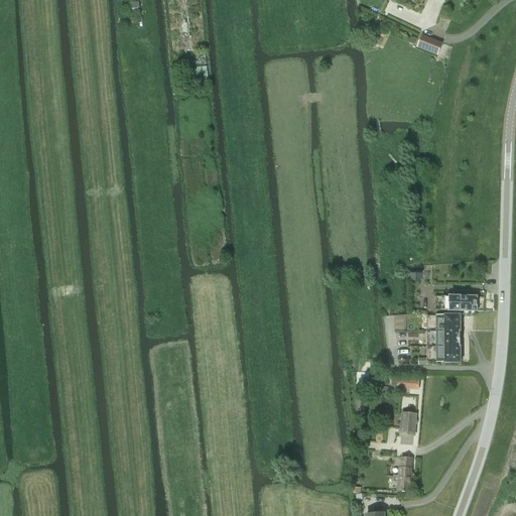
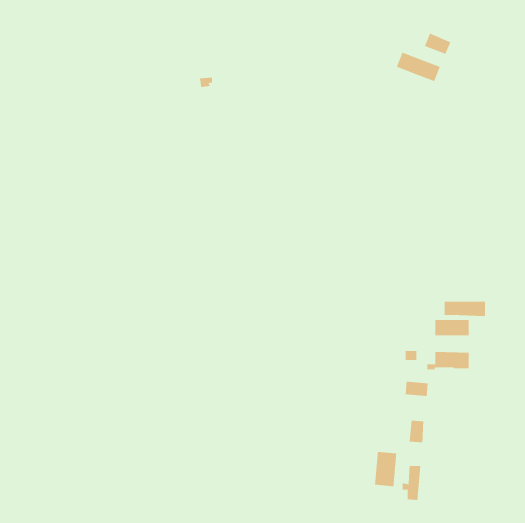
building: none -> [396,52,440,82]
building: [426,330,461,346] -> none
building: none -> [374,451,397,487]

